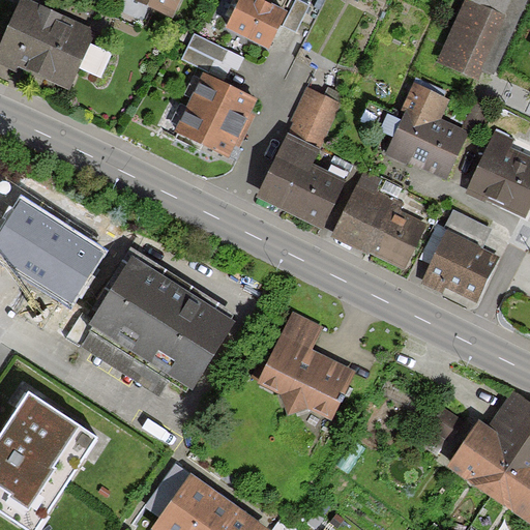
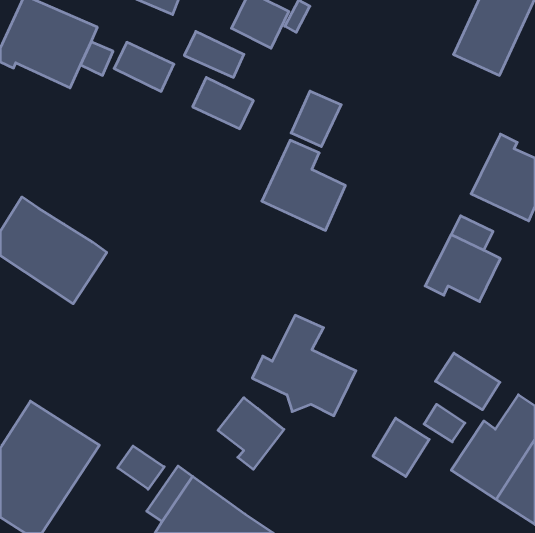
building: [383,82,468,178] -> none
building: [178,106,237,154] -> [114,42,174,91]
building: [333,173,423,266] -> none
building: [91,249,238,389] -> none
building: none -> [435,353,500,410]
building: none -> [218,398,284,469]
building: none -> [373,418,429,477]
building: none -> [118,446,164,489]

